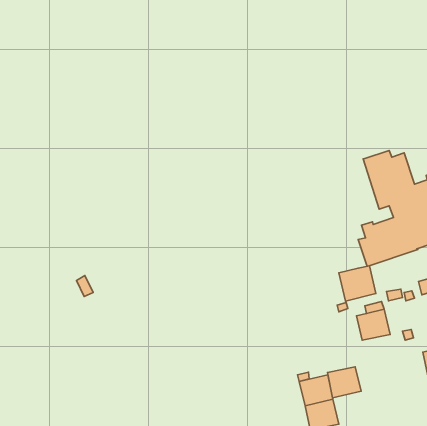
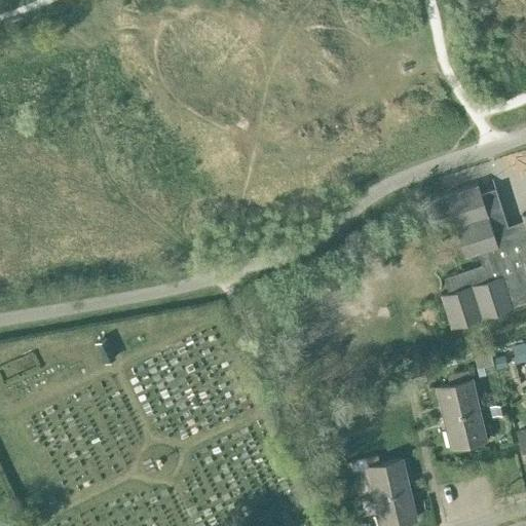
building: [339,266,376,301] -> none
building: [328,367,361,398] -> [446,413,487,451]

